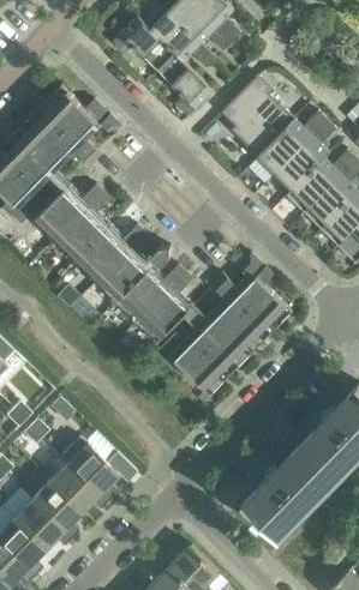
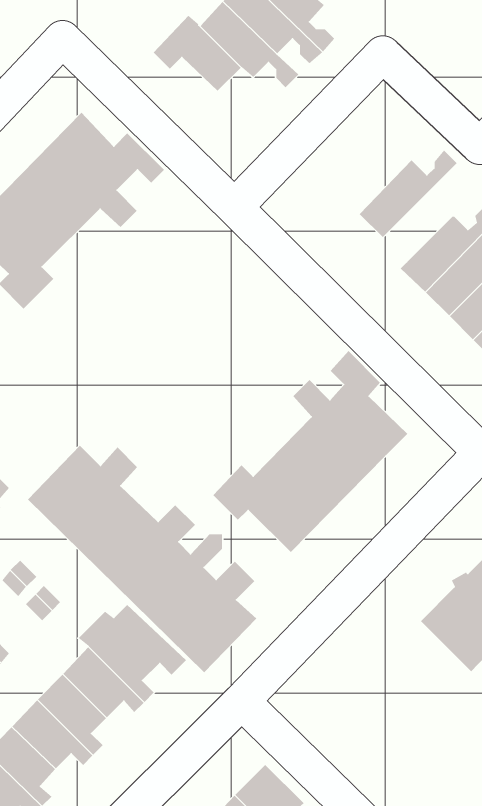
building: [158,54,214,116] -> none
building: [221,74,295,157] -> none
building: [275,121,336,191] -> none
building: [32,183,195,344] -> [27,445,257,673]
building: [244,444,337,538] -> none

